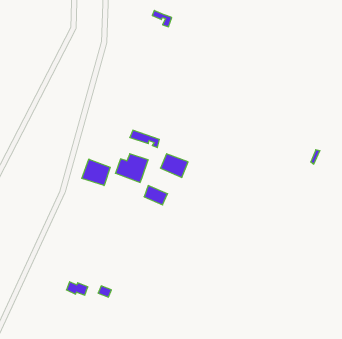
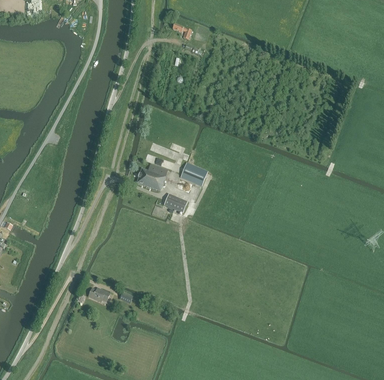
building: [82,159,110,186] -> none

